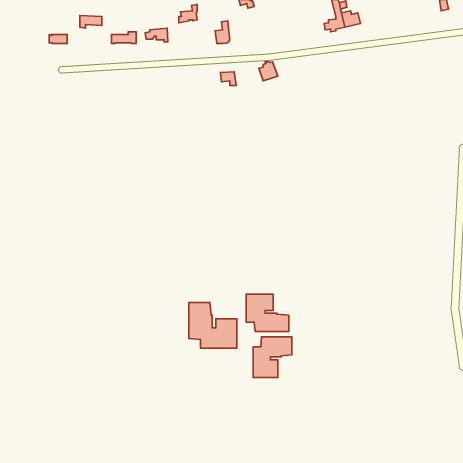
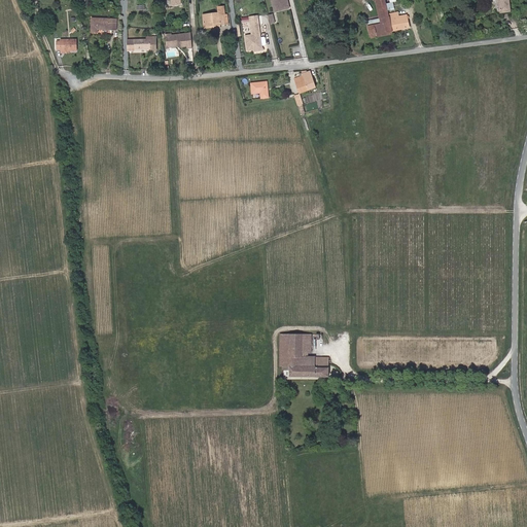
building: [189,302,237,348] -> none
building: [253,337,292,378] -> none

